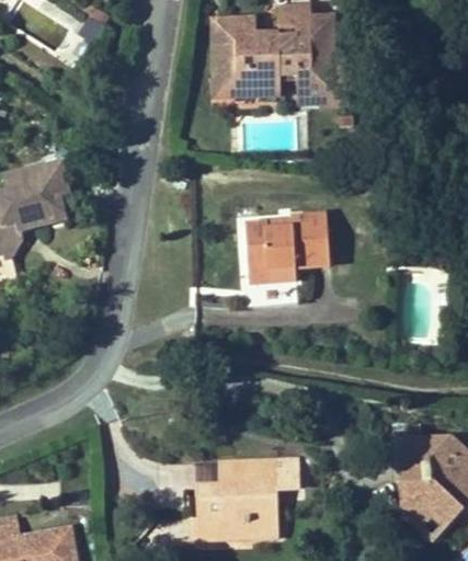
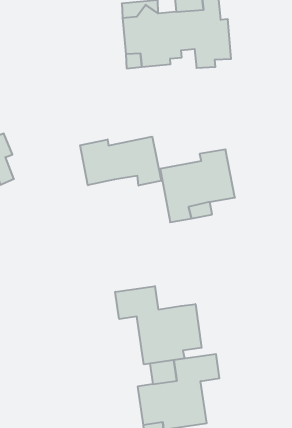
building: none -> [80,137,161,186]
building: none -> [115,286,202,364]

